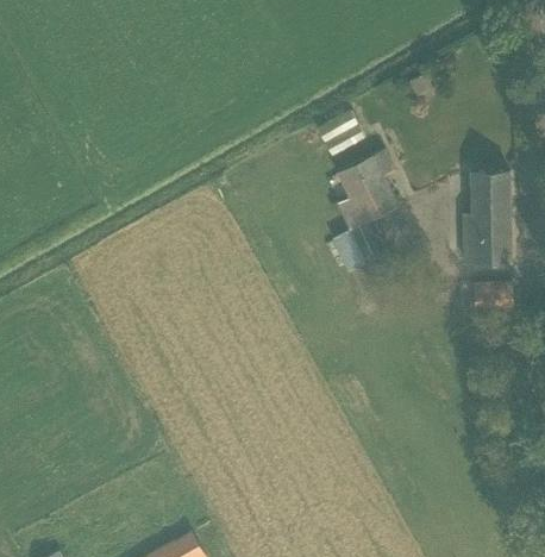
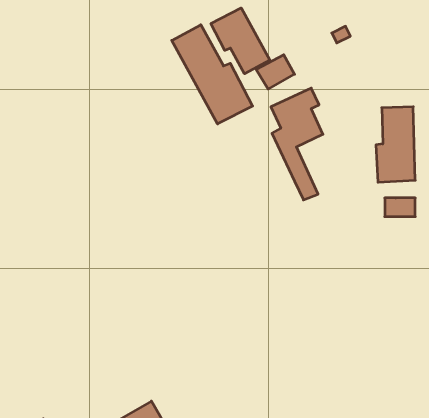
building: none -> [211,8,270,74]
building: none -> [172,25,253,124]

